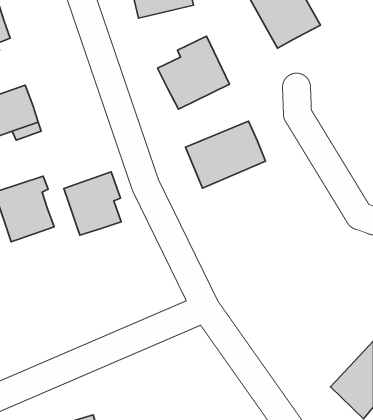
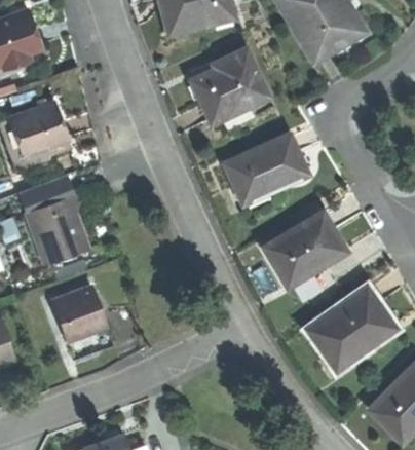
building: [64,172,121,235] -> none
building: none -> [260,209,345,285]
building: none -> [305,287,393,369]
building: none -> [51,289,110,346]

